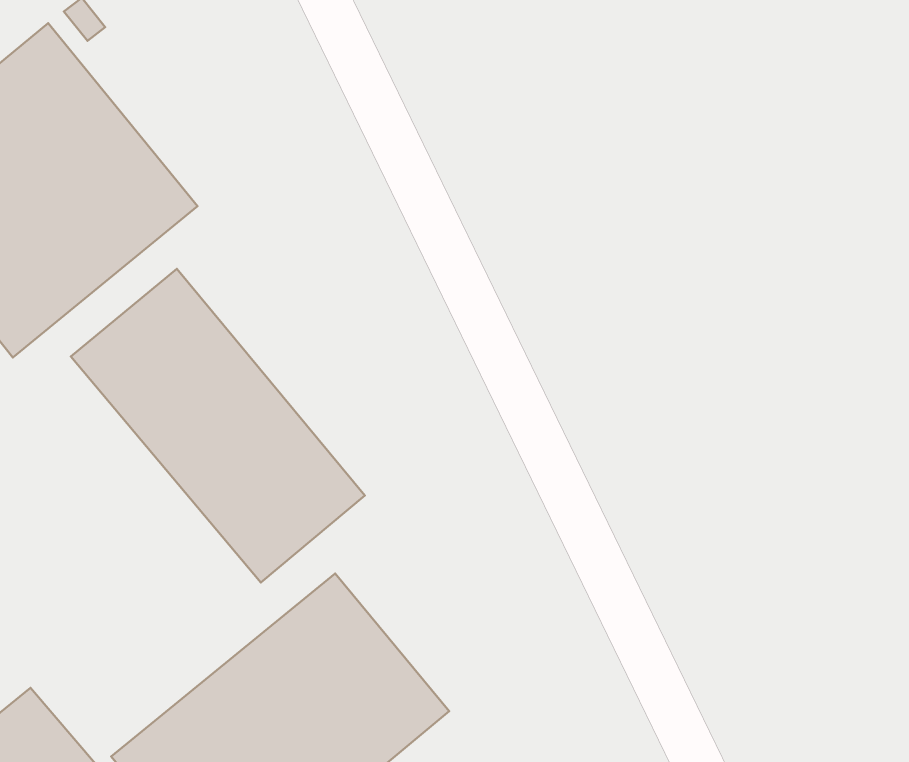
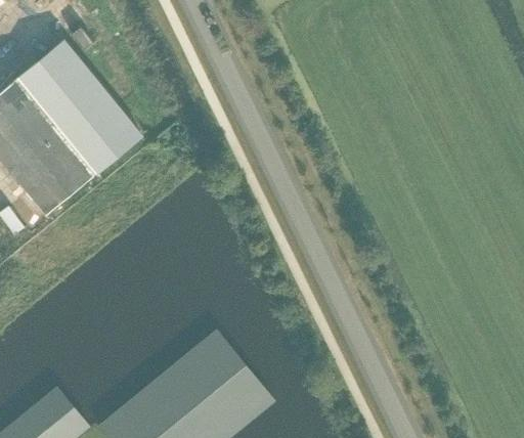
building: [71,269,365,582] -> none

